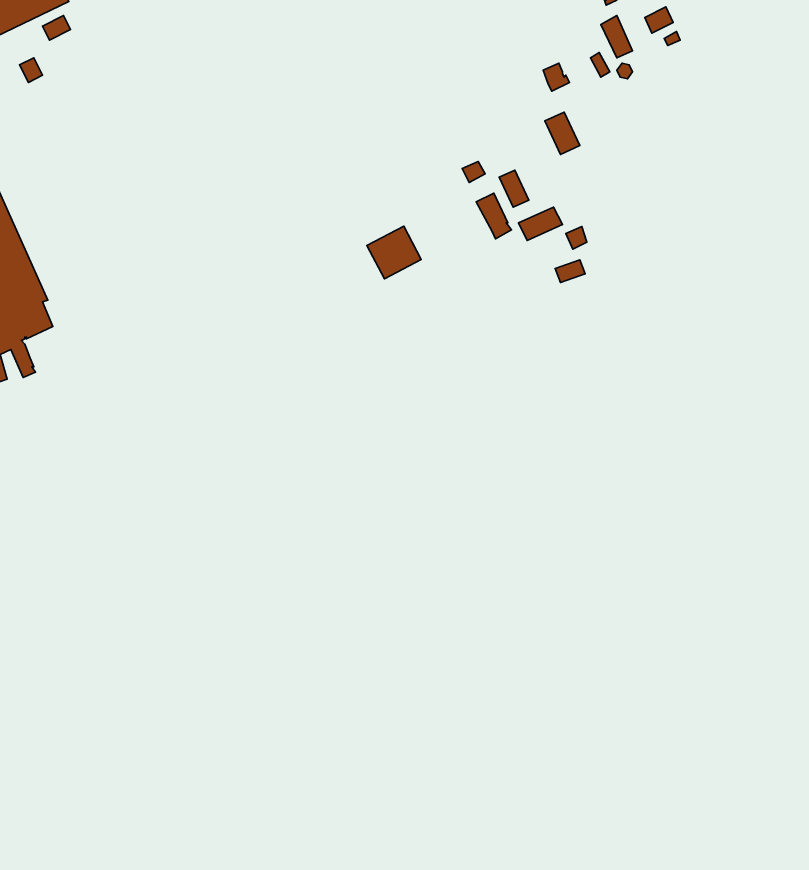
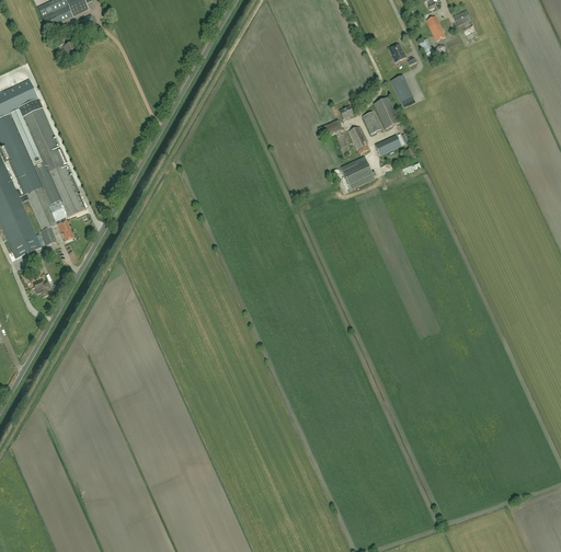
building: none -> [373,96,399,128]
building: [367,226,421,279] -> [341,156,375,188]

